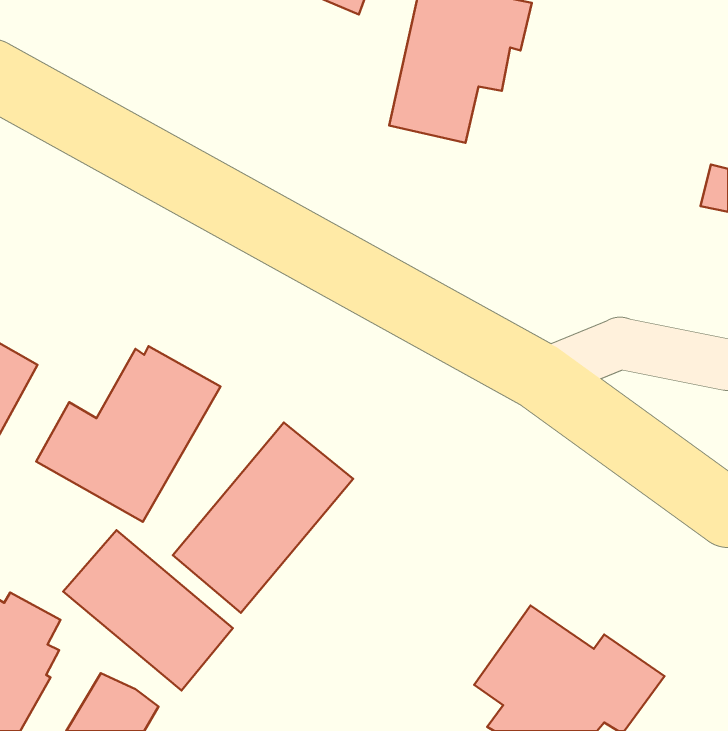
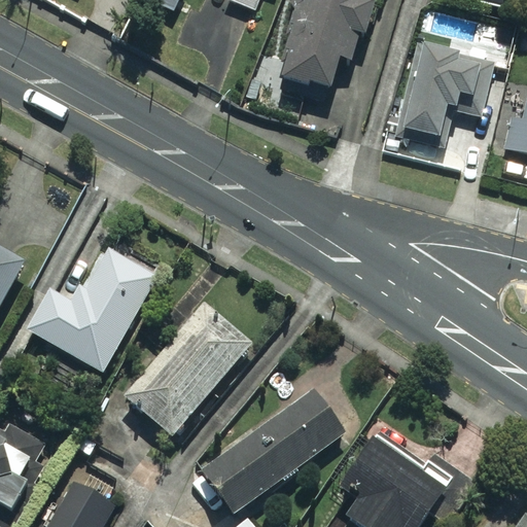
building: none -> [391,26,511,143]
building: [63,530,233,691] -> none
building: none -> [201,388,346,516]

